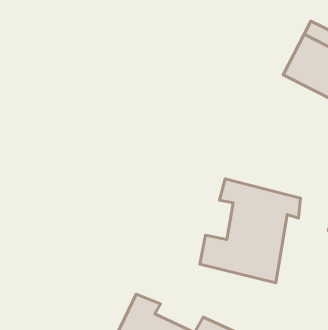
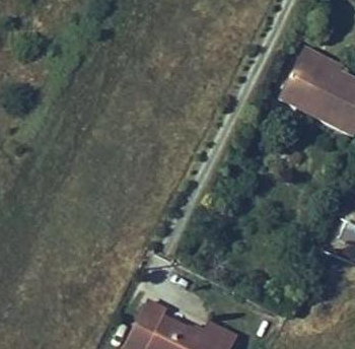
building: [200,179,301,283] -> none

